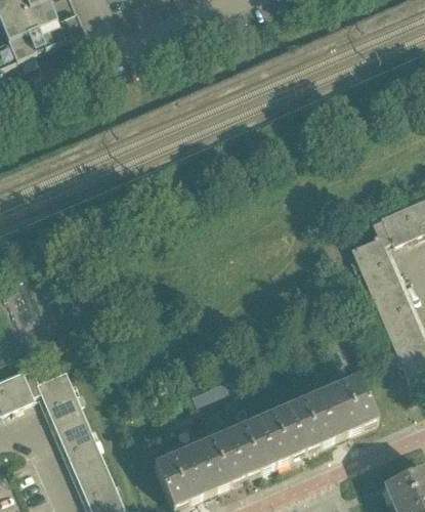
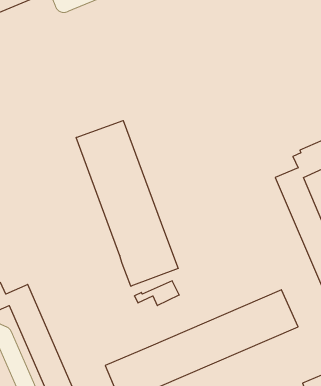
building: none -> [76,121,178,286]

